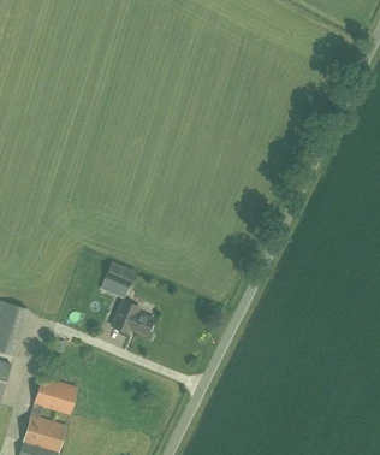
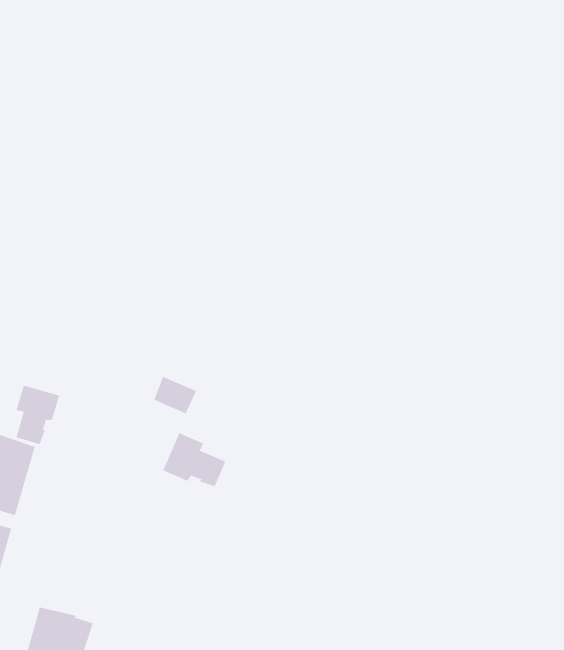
building: none -> [16,385,60,445]
building: [31,377,78,415] -> none

